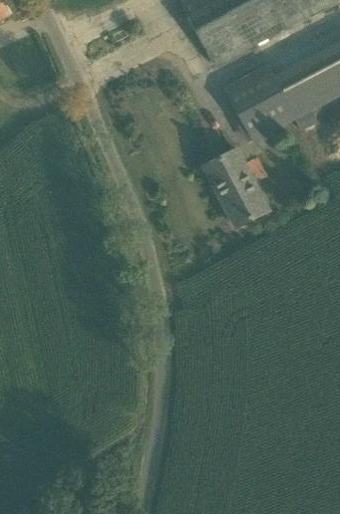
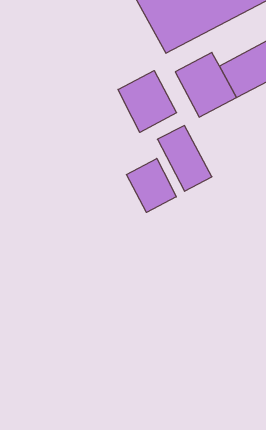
building: none -> [118,71,177,132]
building: none -> [126,158,176,212]

